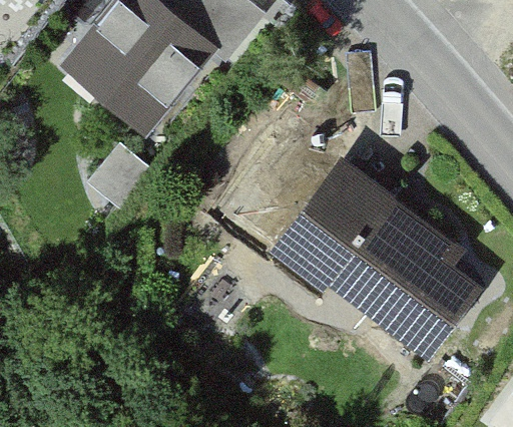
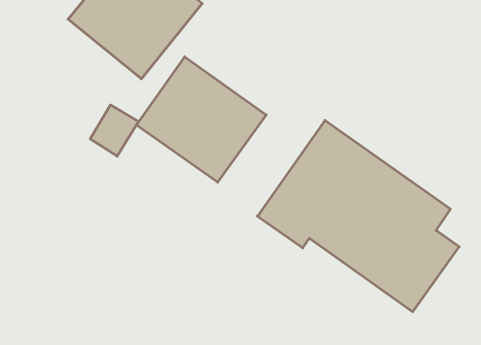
building: none -> [136,57,266,182]

